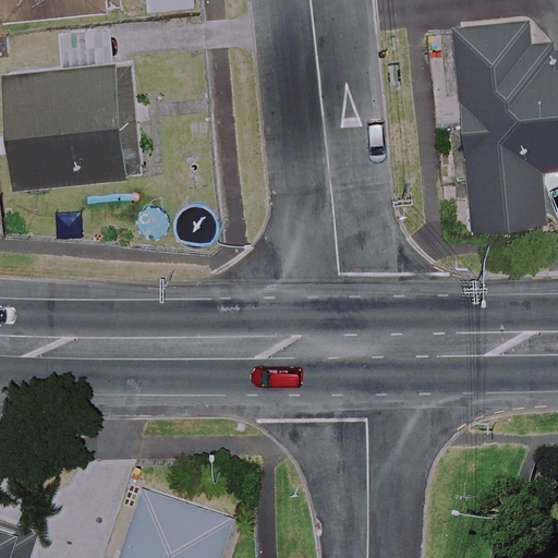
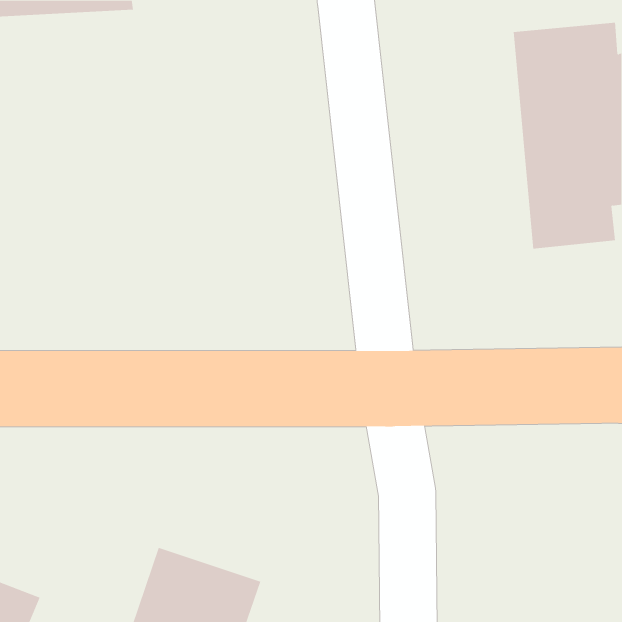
building: [5,63,142,190] -> none

